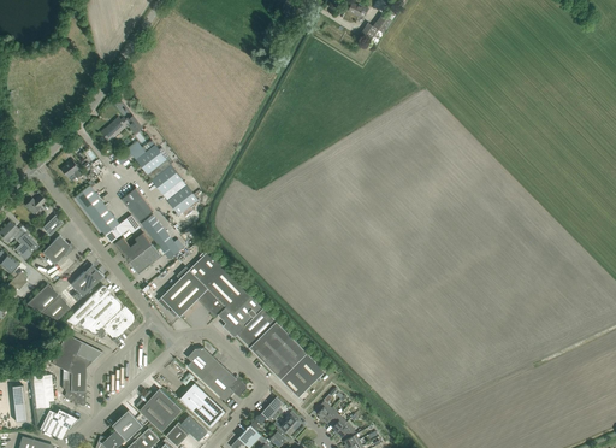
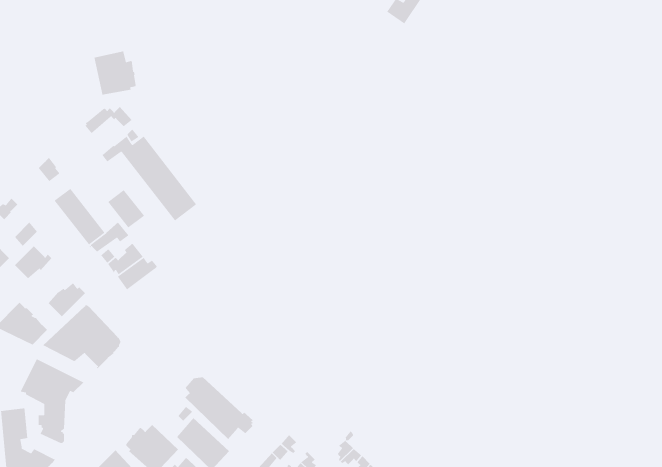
building: none -> [93,50,137,96]
building: [141,213,185,259] -> none
building: [161,250,325,396] -> none

